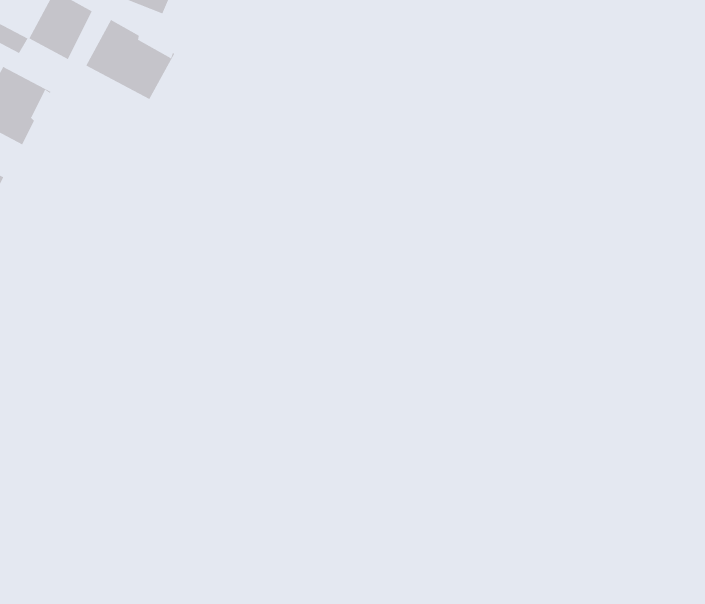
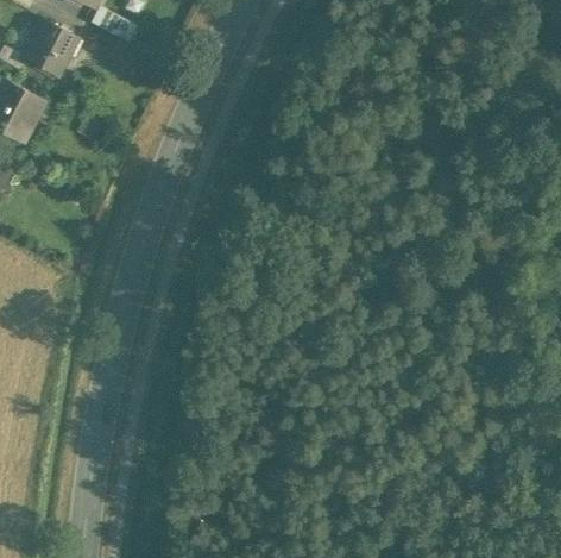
building: [85,19,175,100] -> none

